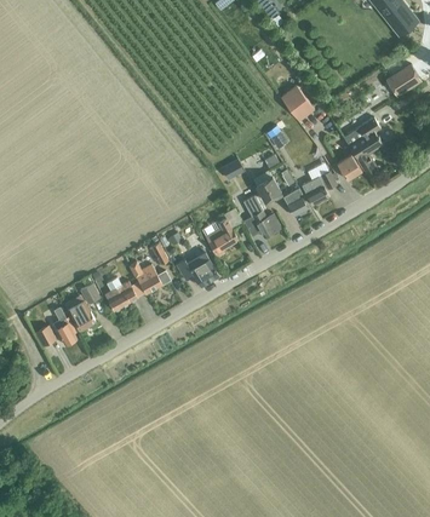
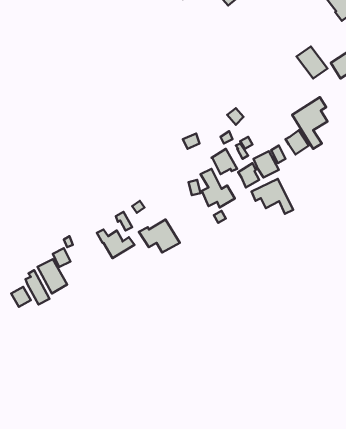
building: [280,85,314,120] -> [297,47,327,79]
building: none -> [251,179,293,214]
building: [205,218,235,257] -> none
building: [103,276,137,311] -> none

